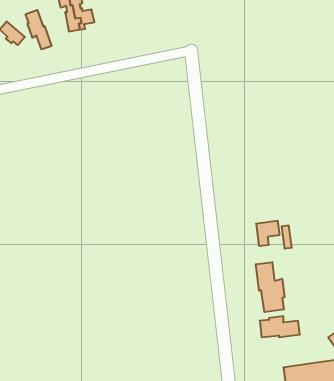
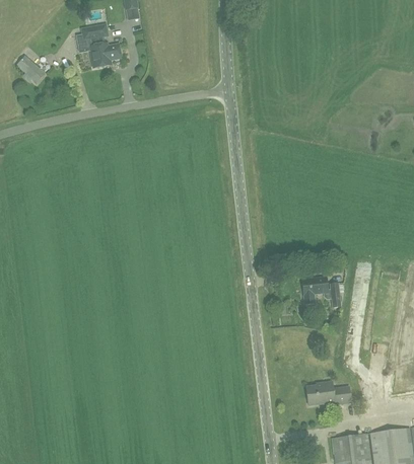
building: [26,10,51,49] -> none
building: [256,262,284,312] -> none

